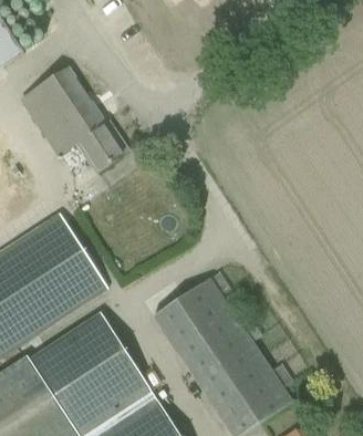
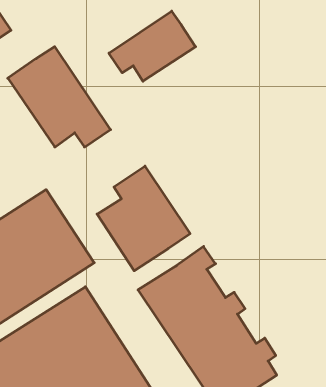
building: none -> [109,11,196,81]
building: none -> [97,166,190,271]

